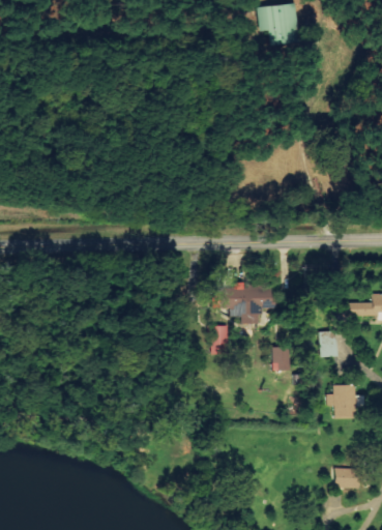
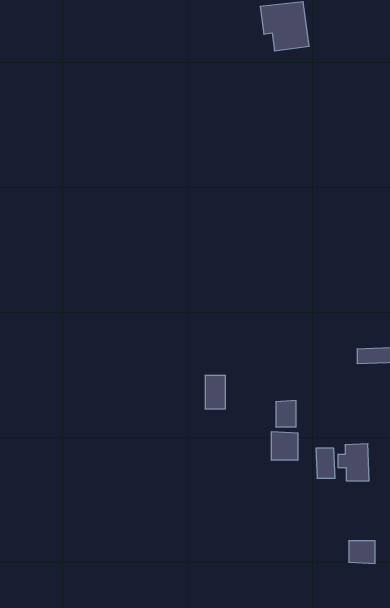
building: [230,287,272,311] -> none
building: [320,331,336,357] -> [316,448,335,478]
building: none -> [271,432,298,460]

